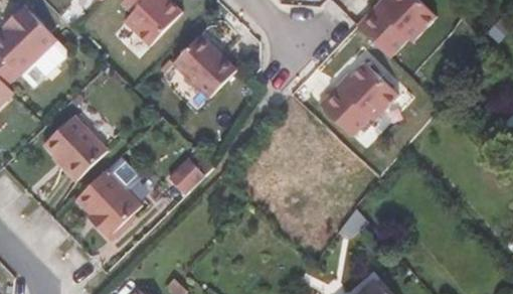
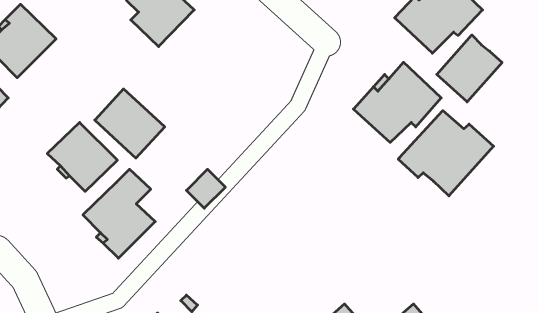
building: [173,35,236,98] -> [95,89,165,158]
building: none -> [437,35,502,102]
building: none -> [398,111,494,196]

